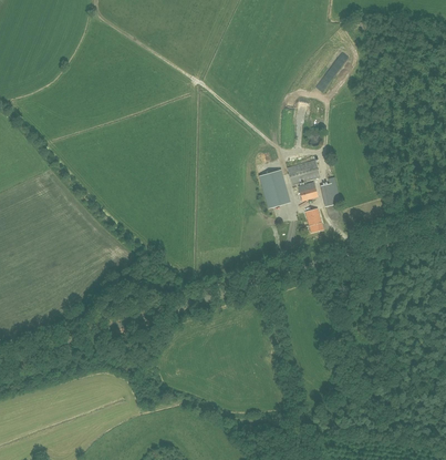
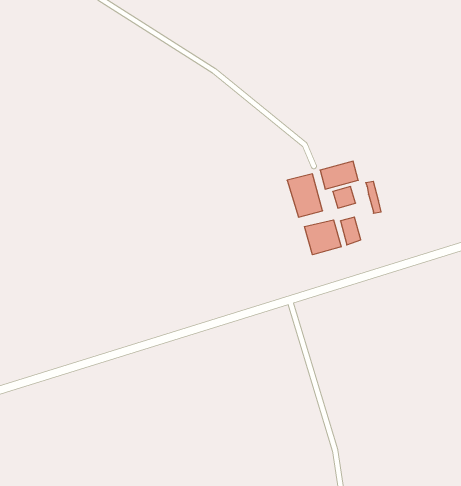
building: none -> [304,220,341,255]

